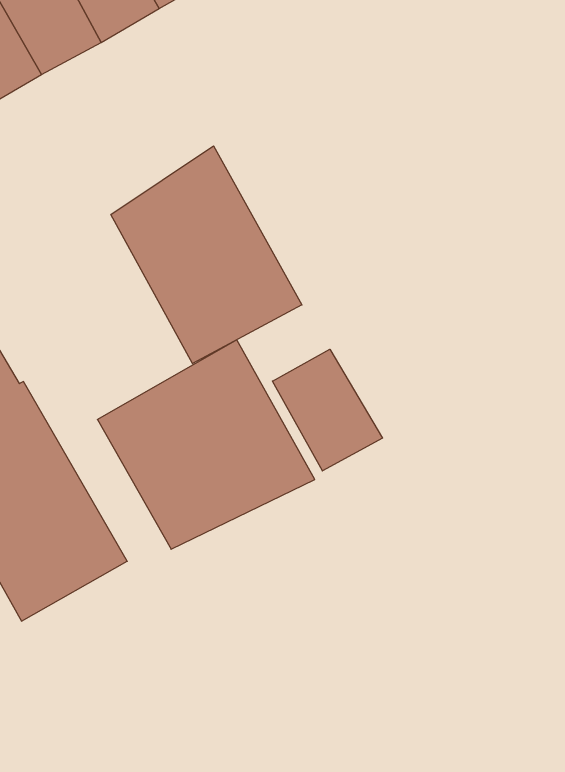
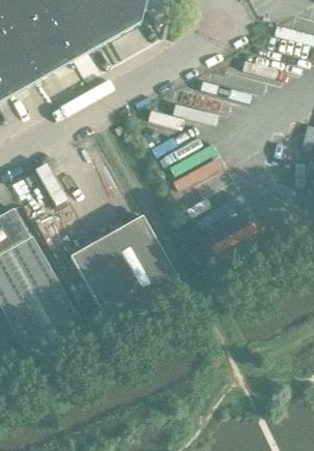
building: [111,146,302,364] -> none
building: [272,349,383,471] -> none

